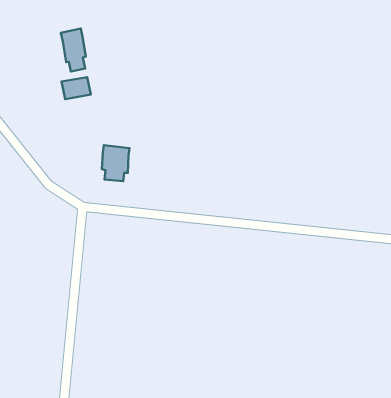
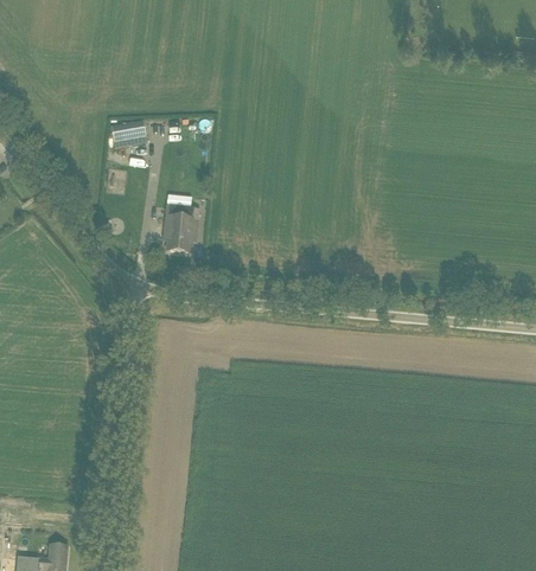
building: [61,28,86,72] -> none

